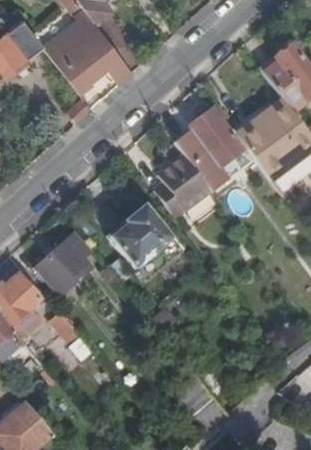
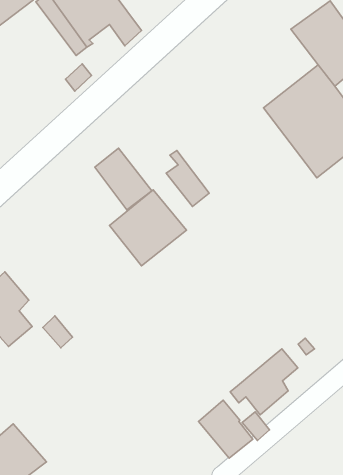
building: [189,109,242,167] -> none
building: [163,156,211,208] -> [95,148,152,210]
building: [34,239,86,290] -> none
building: none -> [230,349,298,415]

